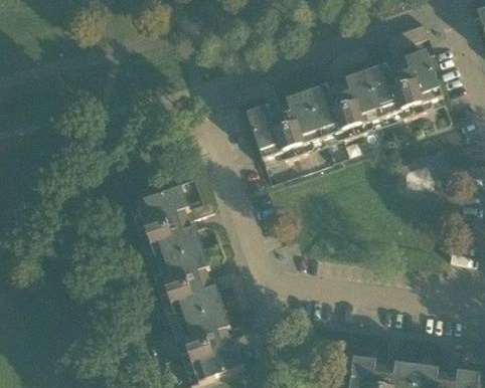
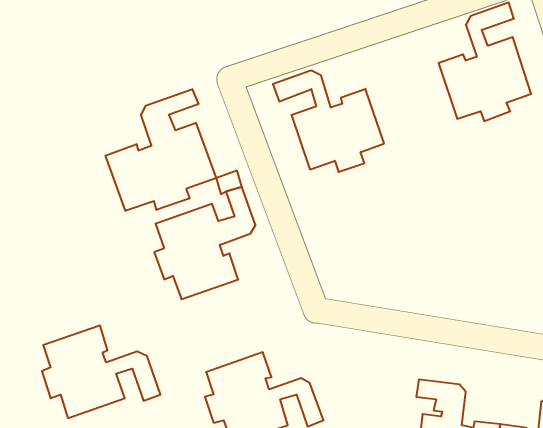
building: [306,39,380,137] -> none
building: none -> [105,89,216,211]
building: [155,244,252,320] -> [42,325,161,418]

